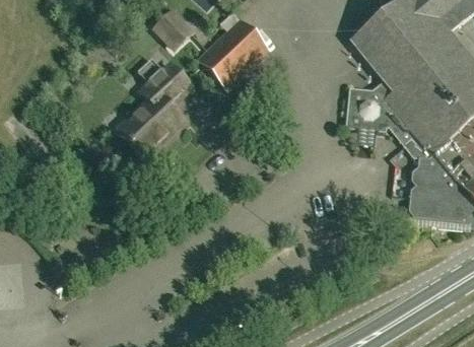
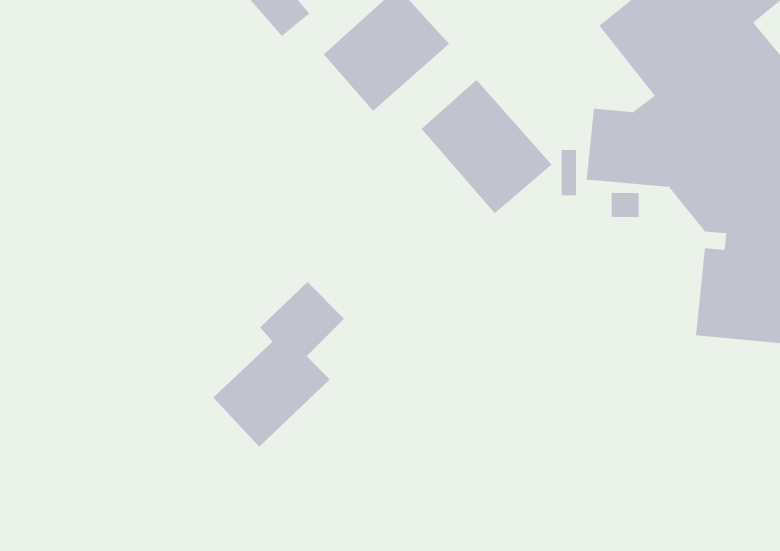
building: [117,63,192,157] -> [212,281,345,448]
building: none -> [421,79,552,214]

